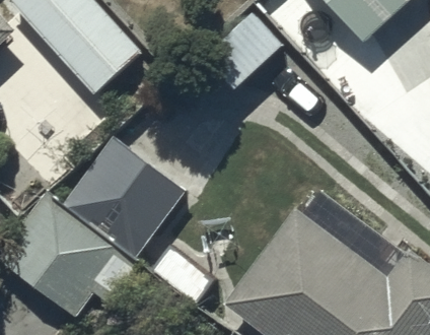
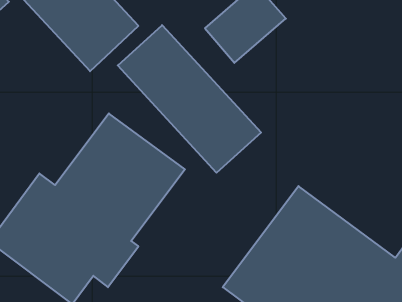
building: none -> [118,25,261,173]

